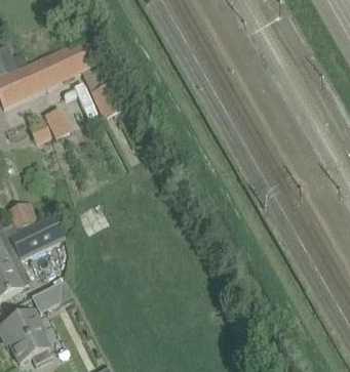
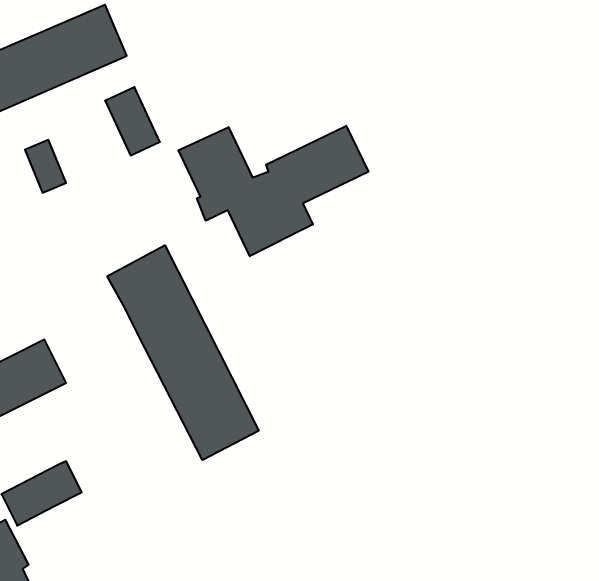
building: none -> [178,126,368,256]
building: none -> [107,245,259,460]

